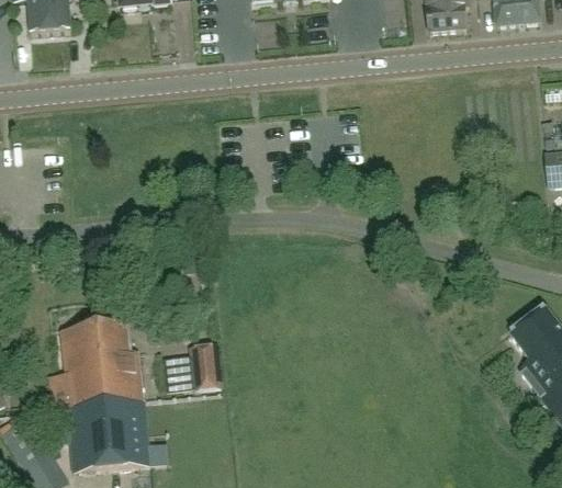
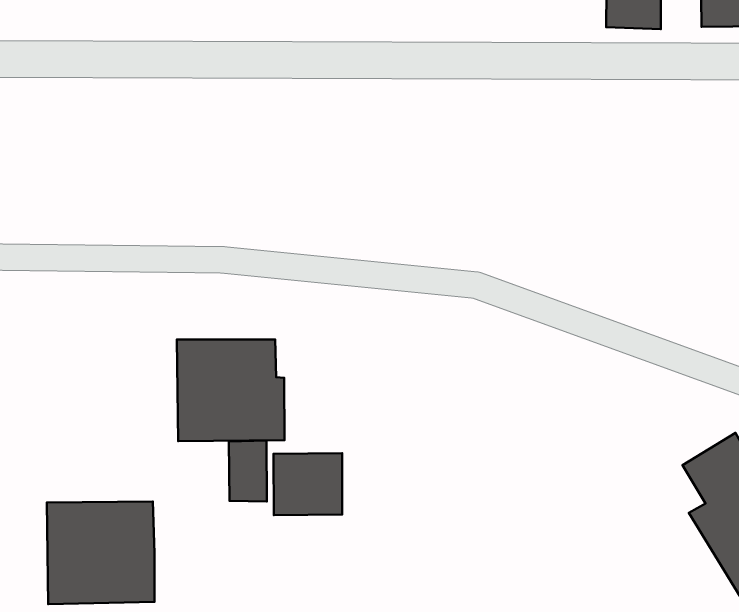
building: [58,322,140,400] -> [177,339,284,441]
building: none -> [274,453,342,515]

